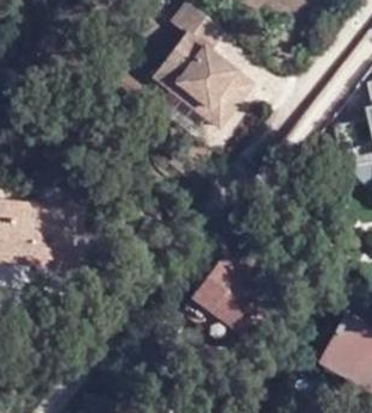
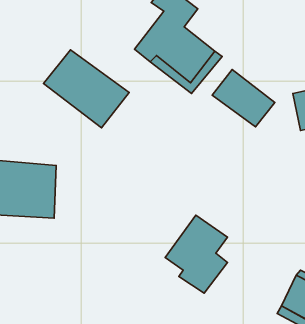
building: none -> [44,50,129,128]
building: none -> [212,69,275,127]

